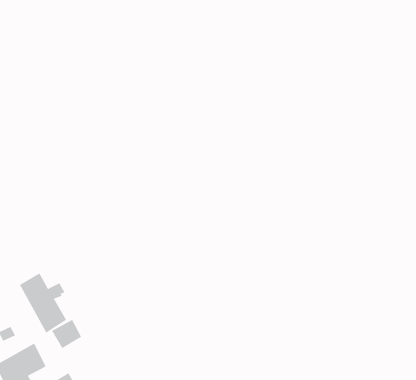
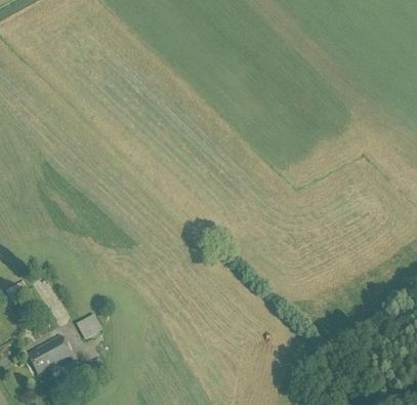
building: [19,273,67,333] -> none

